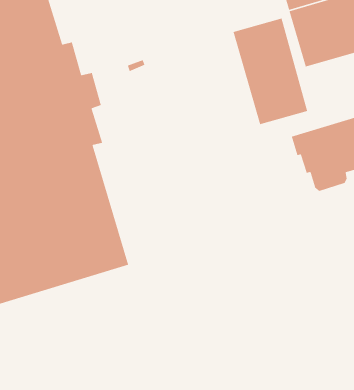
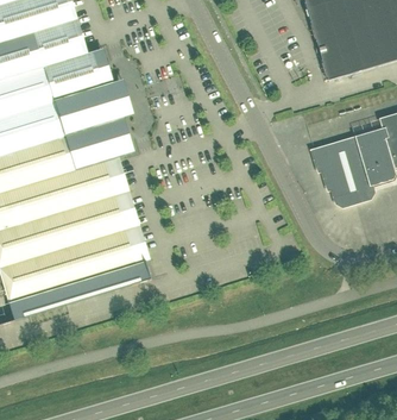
building: [233,17,308,125] -> none

